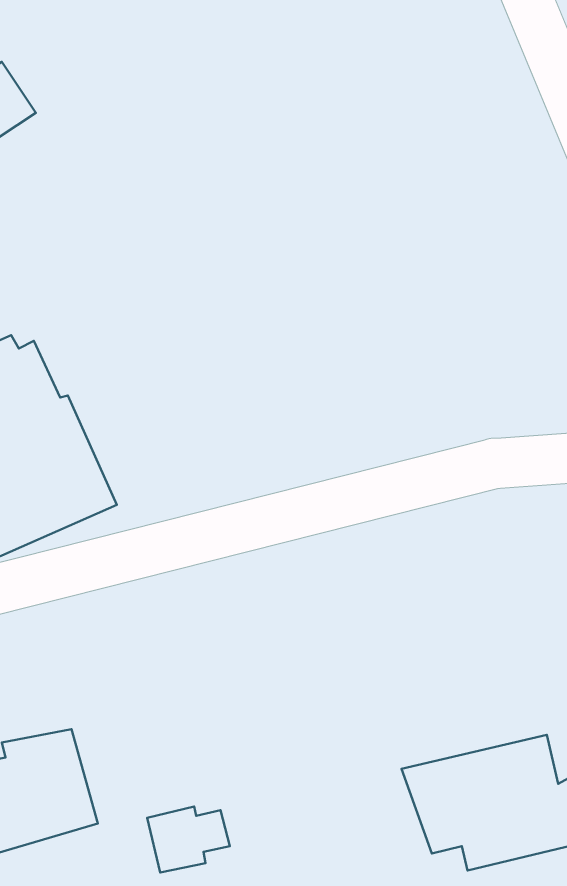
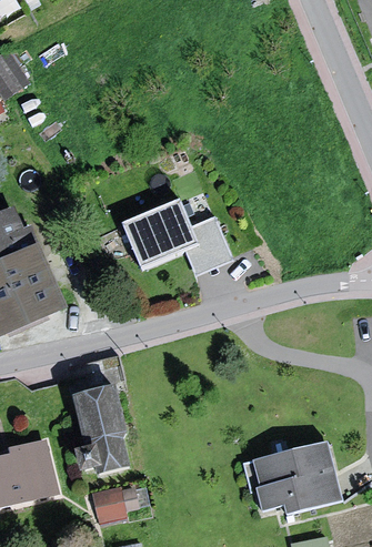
building: none -> [122,195,232,271]
building: none -> [72,383,131,473]

